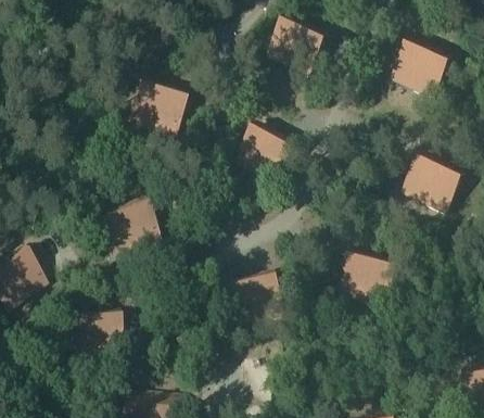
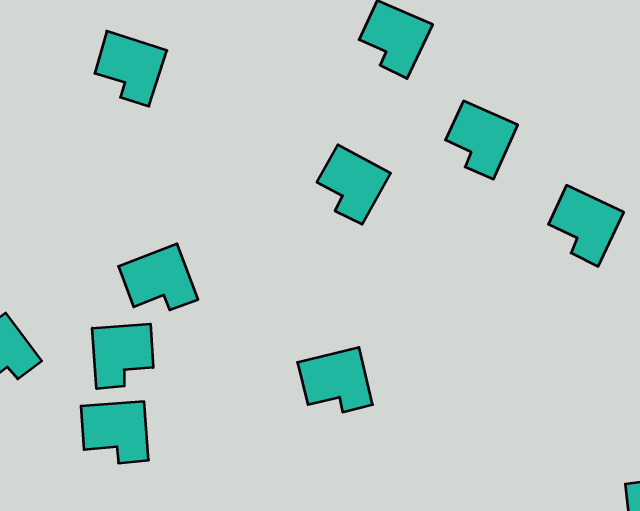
building: [397,41,449,98] -> [445,101,518,179]
building: [133,77,186,131] -> [95,31,167,106]
building: [345,250,397,303] -> none
building: none -> [92,324,153,389]

